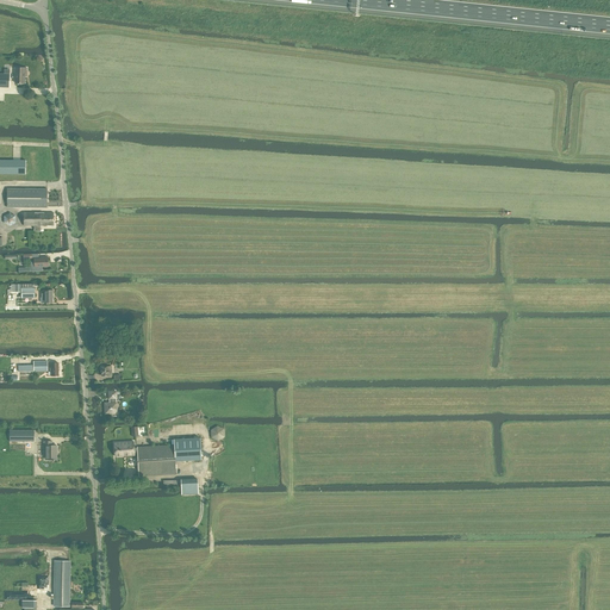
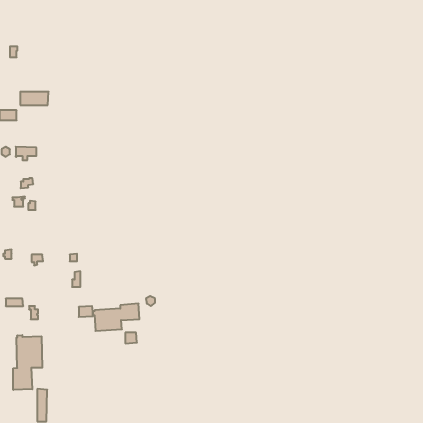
building: [6,187,46,206] -> [20,92,49,105]
building: none -> [13,335,42,390]

